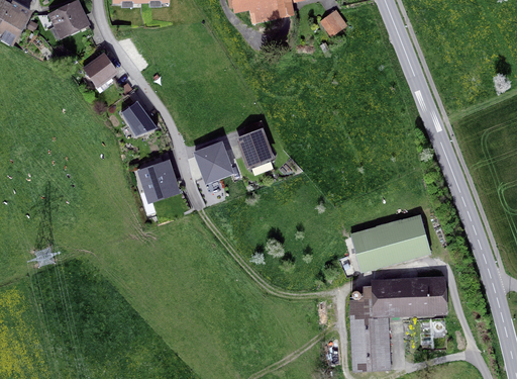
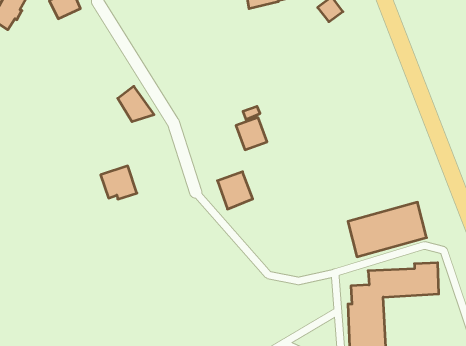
building: [86,55,116,89] -> none
building: [196,145,231,182] -> [217,172,253,209]
building: [140,163,177,196] -> [101,166,137,199]

